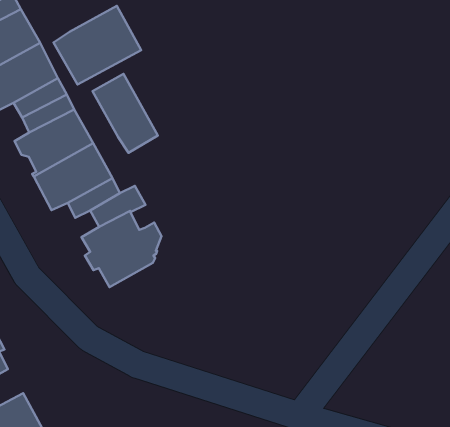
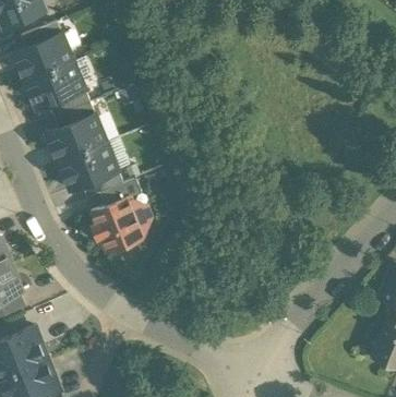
building: [54,6,141,84] -> none
building: [93,74,158,153] -> none

